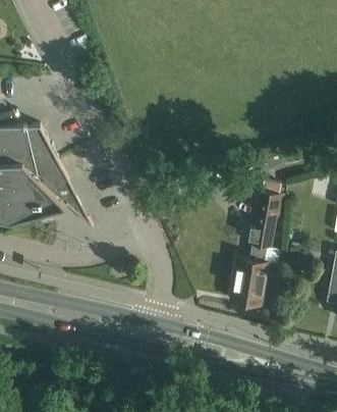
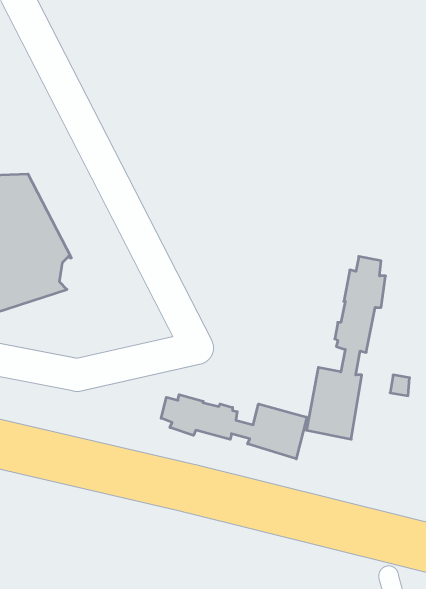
building: none -> [161,395,307,459]

